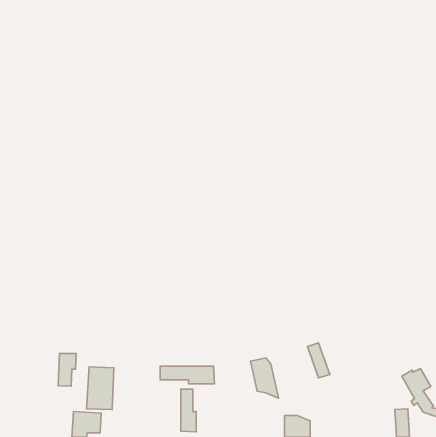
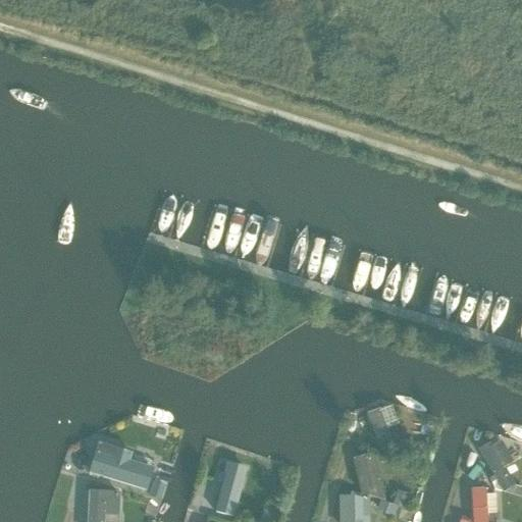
building: [58,353,76,386] -> none
building: [250,358,279,398] -> [354,455,387,503]
building: [160,366,214,384] -> none

